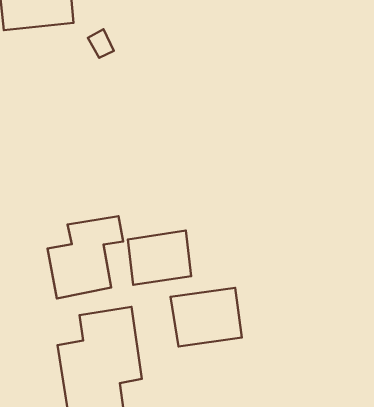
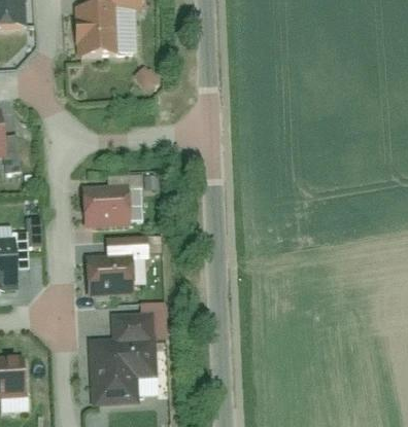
building: [128,231,191,285] -> [92,182,144,225]
building: [171,288,242,346] -> none

